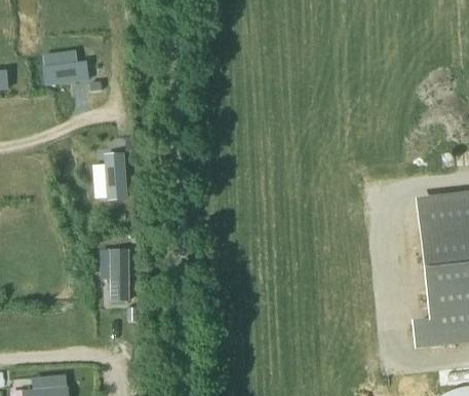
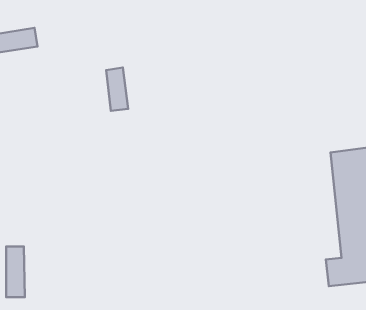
building: [106,149,130,197] -> [106,67,128,111]
building: [110,252,130,309] -> [6,246,25,297]

